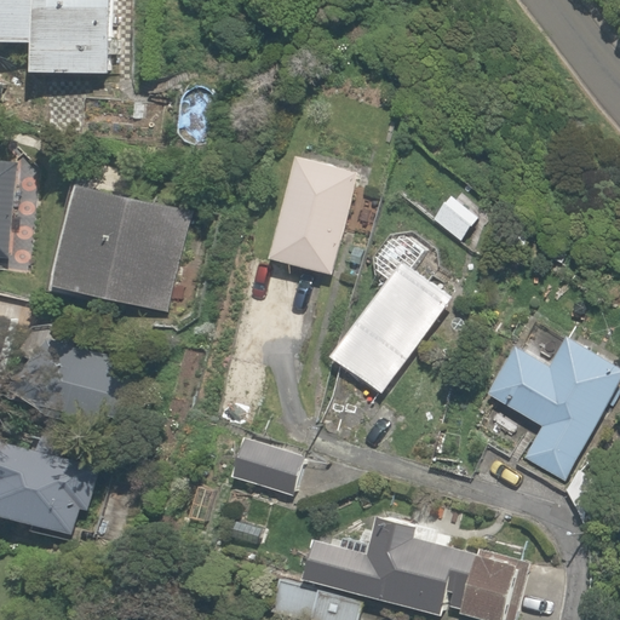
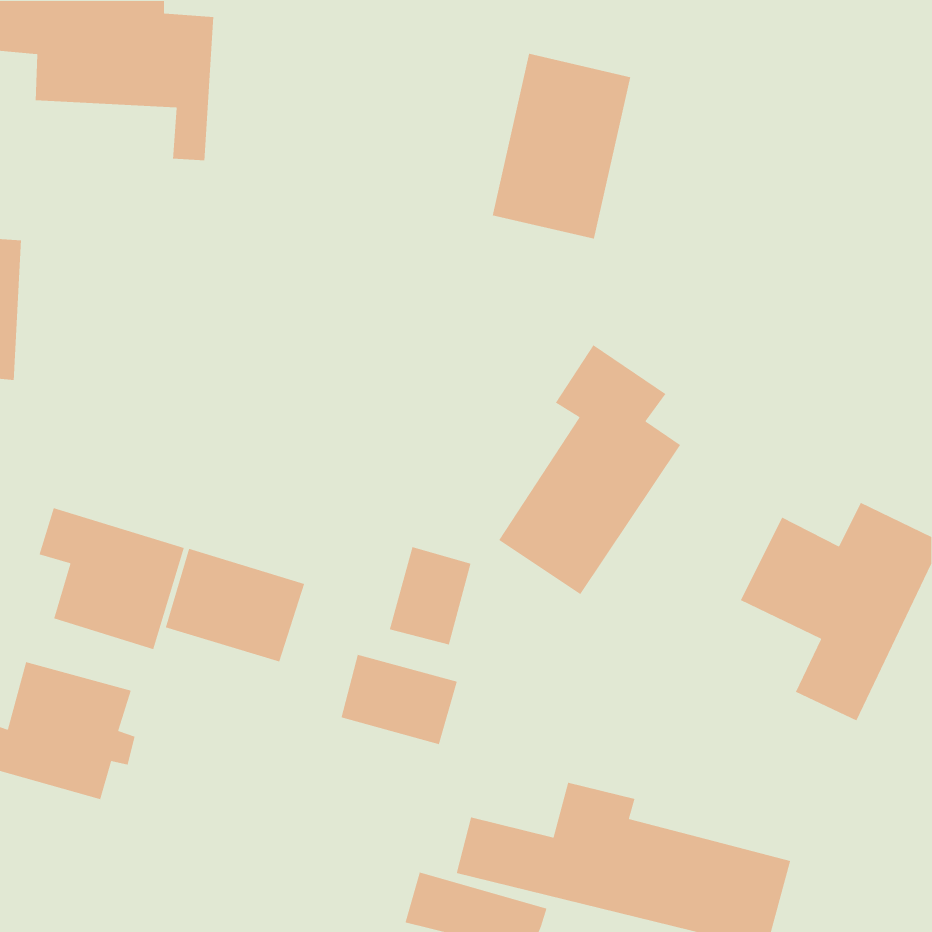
building: [264,153,356,276] -> [492,53,631,240]
building: [42,183,193,314] -> none
building: none -> [389,546,472,646]
building: none -> [165,548,305,662]

